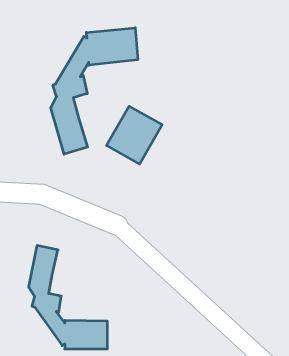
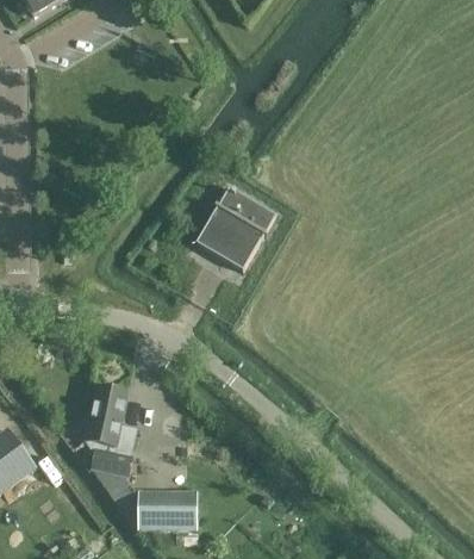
building: [51,28,138,154] -> none

